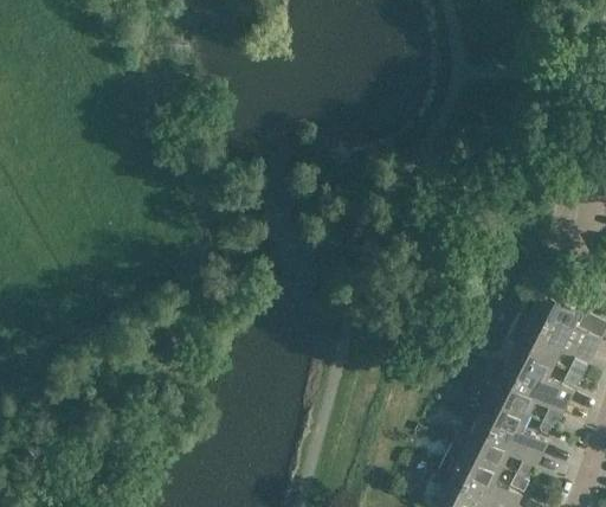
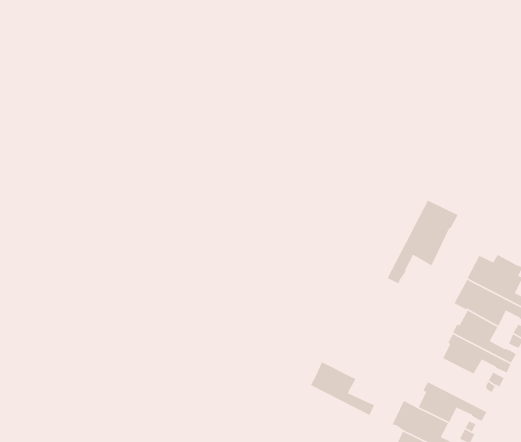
building: none -> [387,199,458,285]
building: [479,399,550,458] -> [310,361,375,416]

